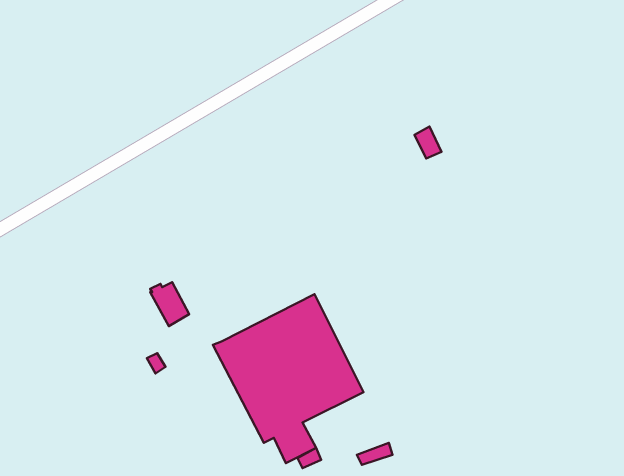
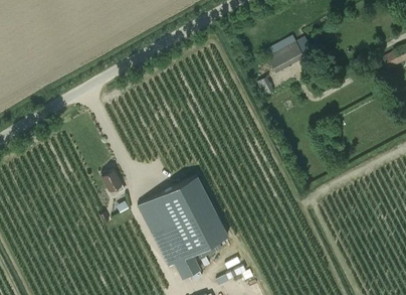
building: none -> [267,36,303,71]

